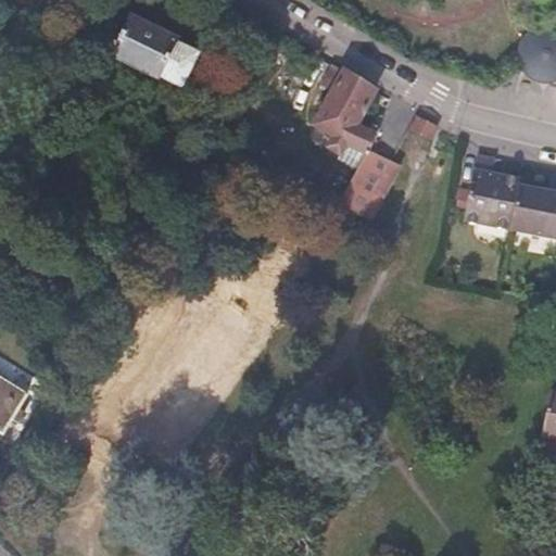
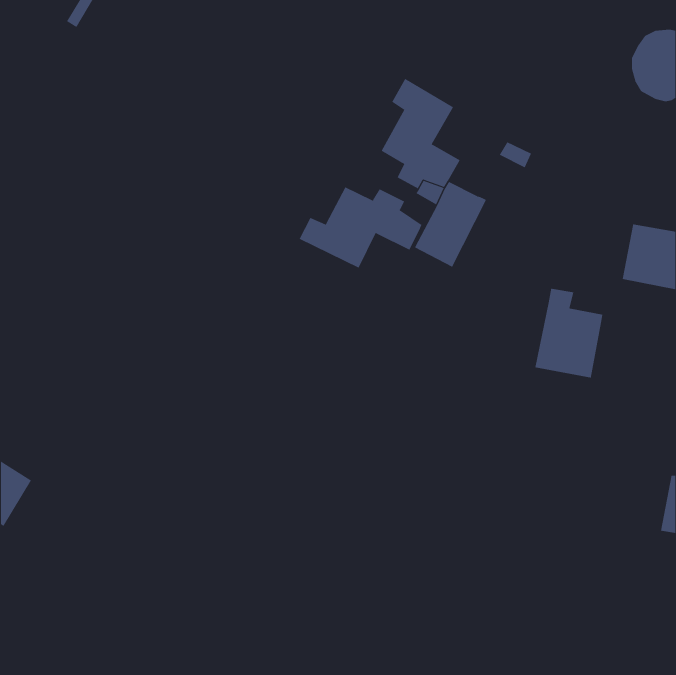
building: [112,15,199,86] -> none
building: none -> [299,186,422,268]
building: [464,155,520,229] -> [535,288,603,378]

